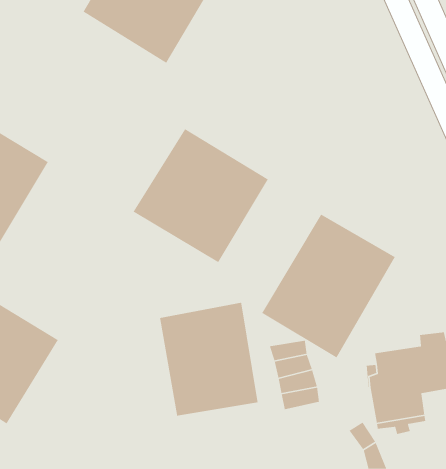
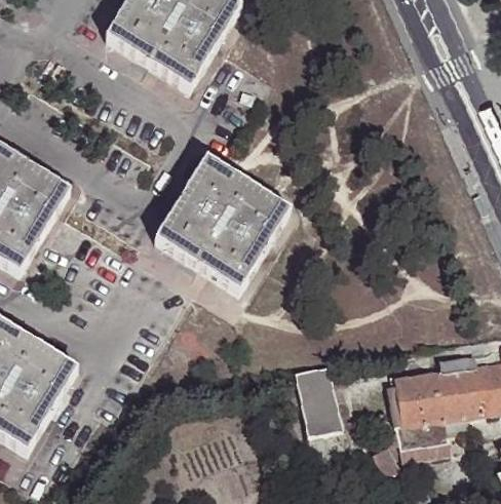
building: [261,213,396,359] -> none
building: [159,302,258,417] -> none

